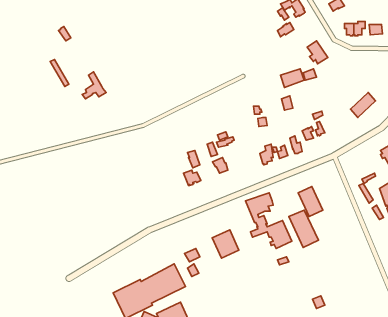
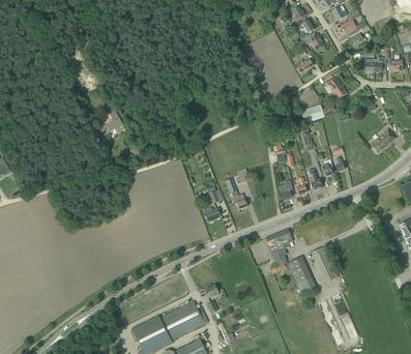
building: [298,187,323,217] -> none
building: [212,230,239,258] -> none

